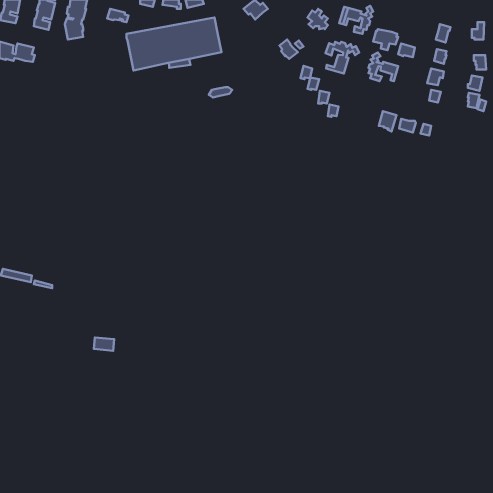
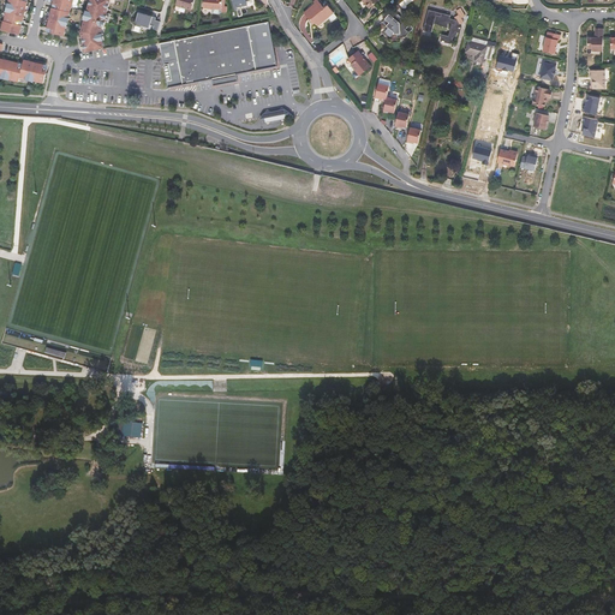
building: [326,42,359,74] -> none
building: [368,53,398,81] -> none

